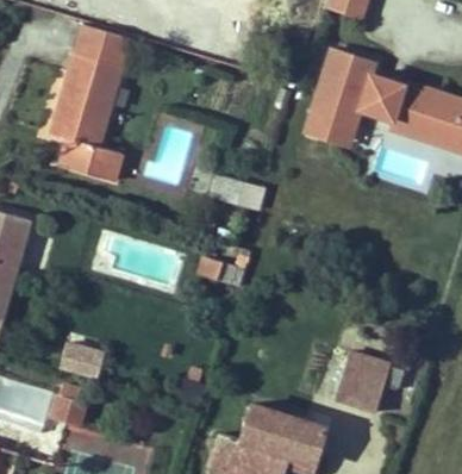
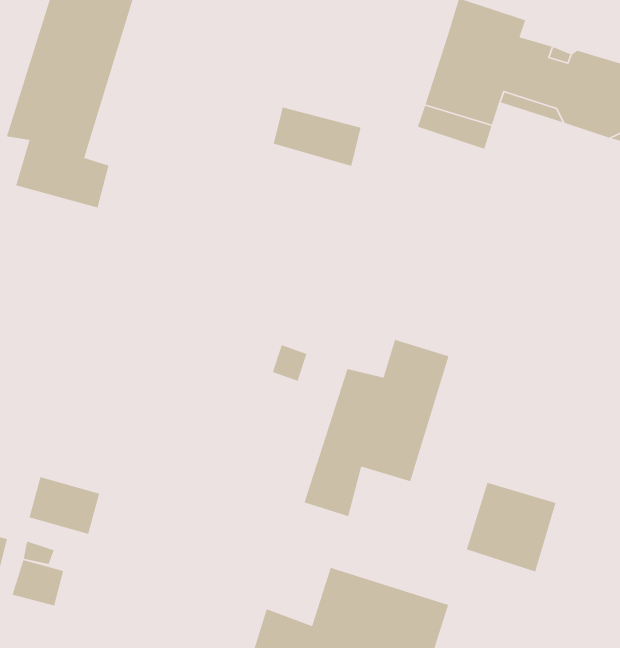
building: [207,174,263,212] -> [273,107,361,167]
building: none -> [303,339,449,517]

